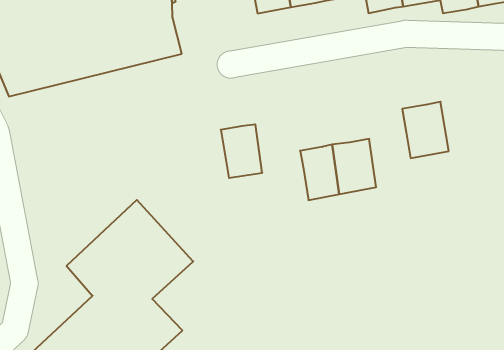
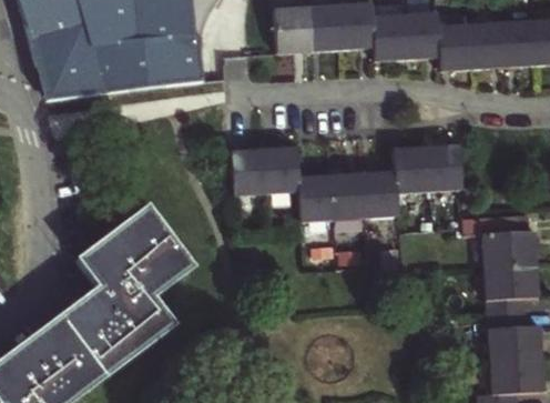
building: none -> [427,148,460,193]
building: none -> [262,149,299,193]
building: none -> [360,172,395,218]

